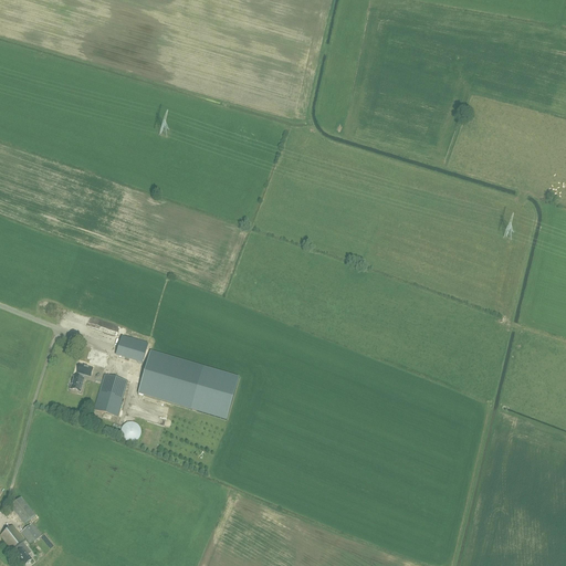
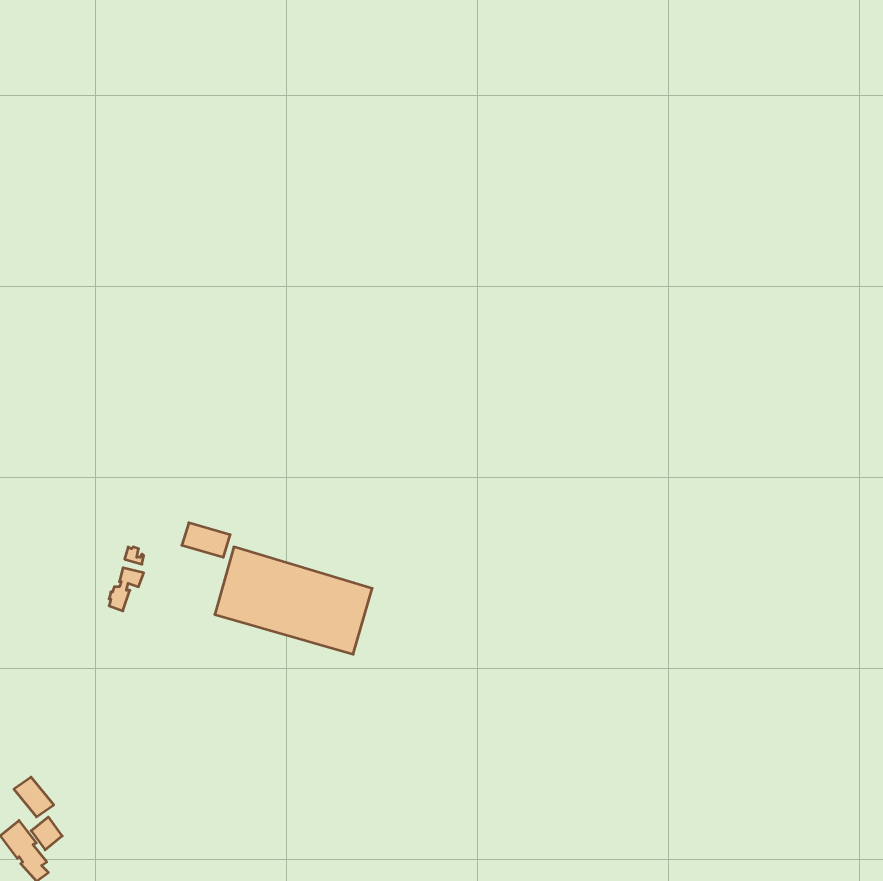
building: [93,373,127,415] -> none

